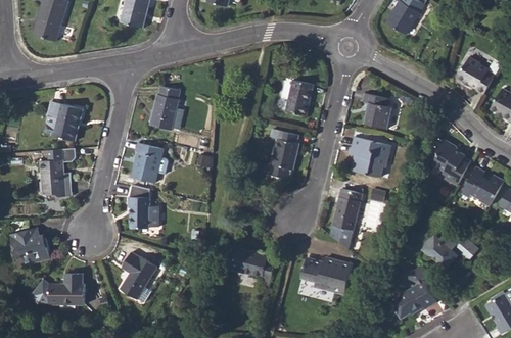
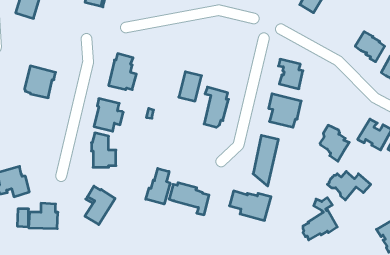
building: [285,80,314,116] -> [179,72,202,101]
building: [433,141,470,186] -> [320,125,349,161]
building: [39,148,76,197] -> none
building: none -> [146,168,170,204]

